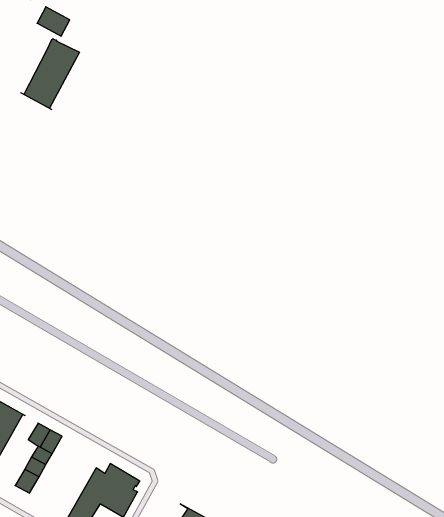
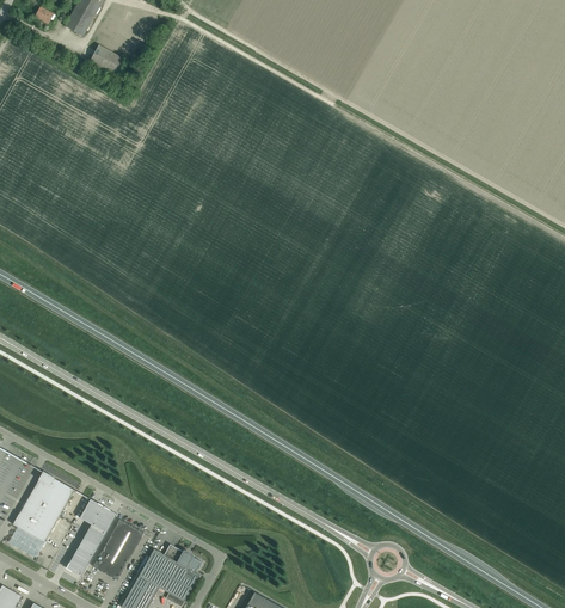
building: [21,39,79,109] -> none
building: none -> [93,520,143,581]

